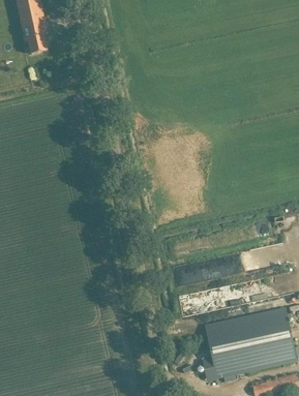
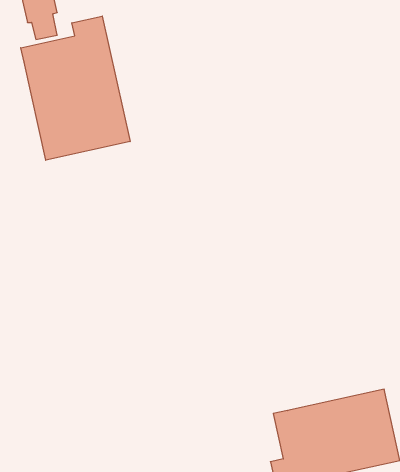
building: none -> [21,16,130,160]

